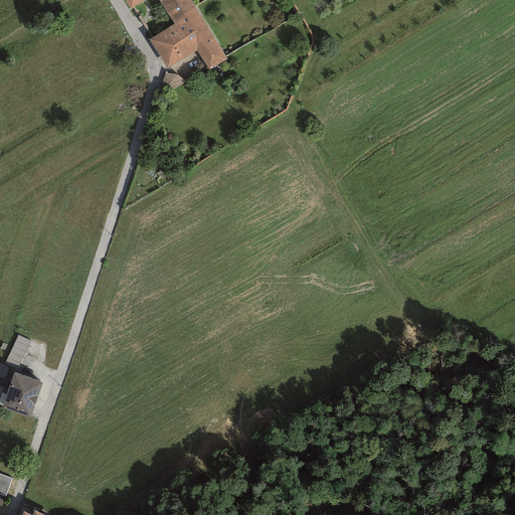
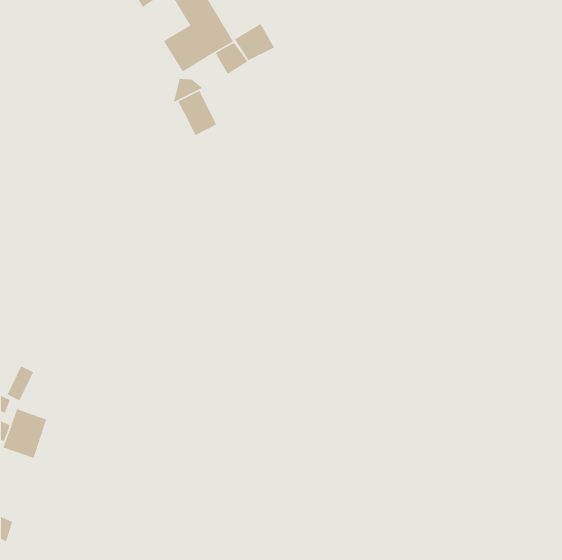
building: none -> [234,23,275,61]
building: none -> [177,90,217,136]

